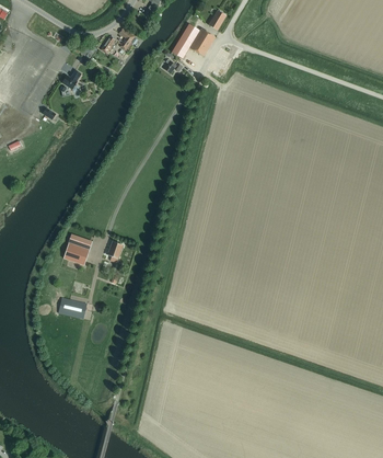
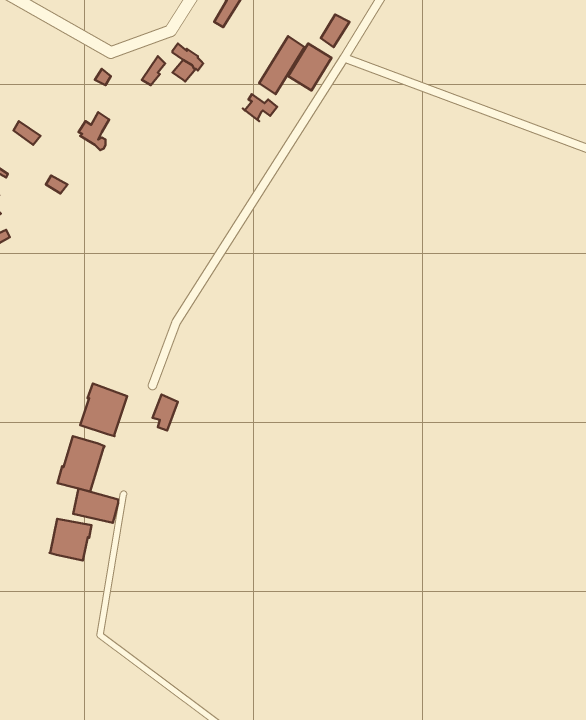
building: none -> [57,436,104,492]
building: none -> [50,519,91,560]

